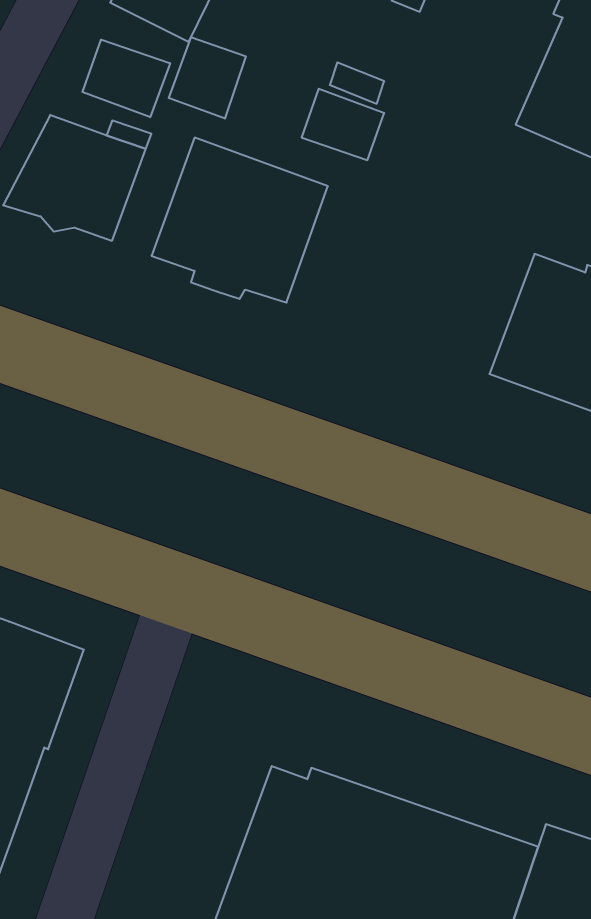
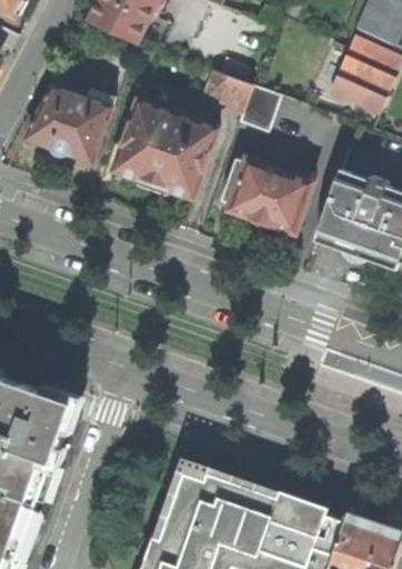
building: [169,37,246,119] -> none
building: [82,40,170,117] -> none
building: none -> [238,84,280,131]
building: none -> [220,157,312,232]

